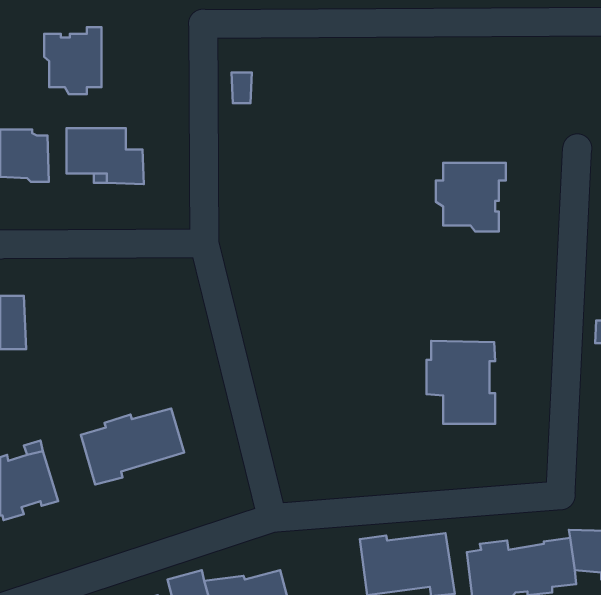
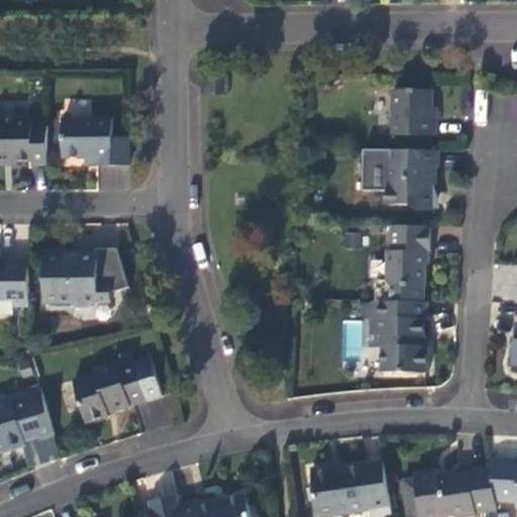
building: [44,27,101,94] -> none
building: none -> [389,90,431,133]
building: none -> [382,224,426,284]
building: none -> [40,249,127,308]

